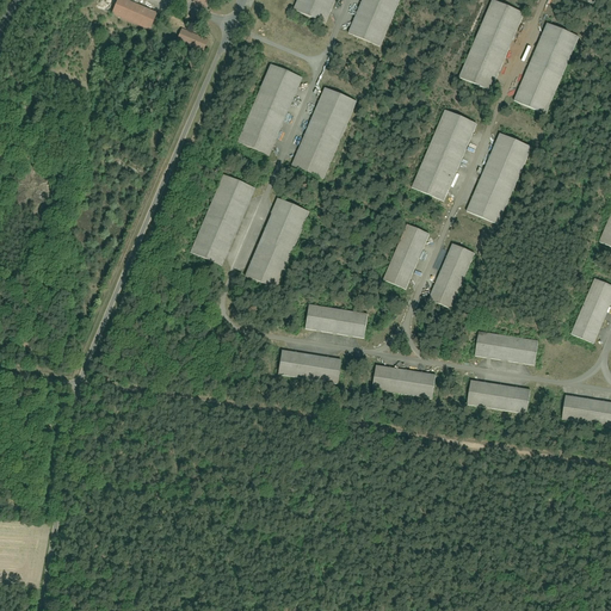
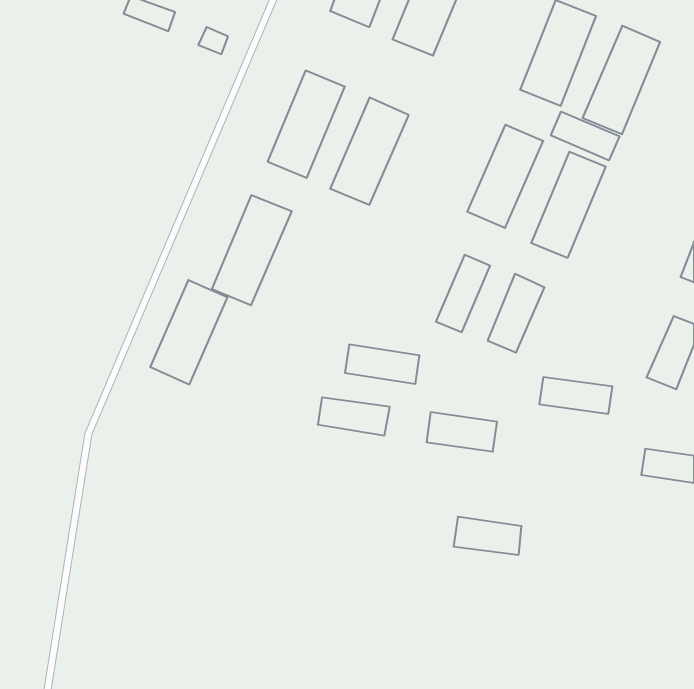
building: none -> [551,112,619,160]
building: [242,198,310,290] -> [150,280,228,384]
building: [469,378,529,412] -> [454,517,522,555]

